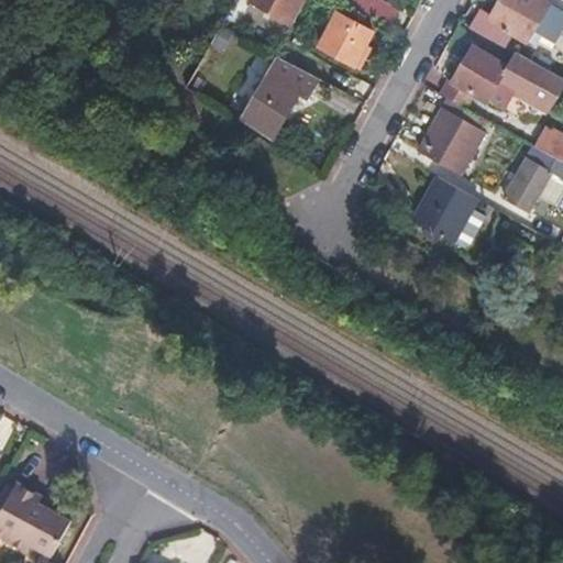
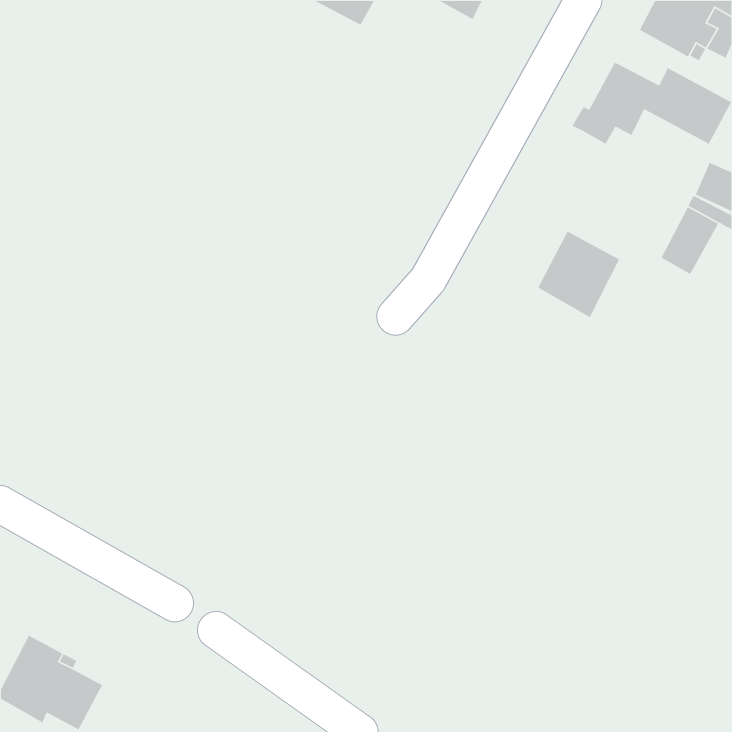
building: [310,10,363,63] -> none
building: [238,57,322,139] -> none
building: [418,101,488,177] -> none

